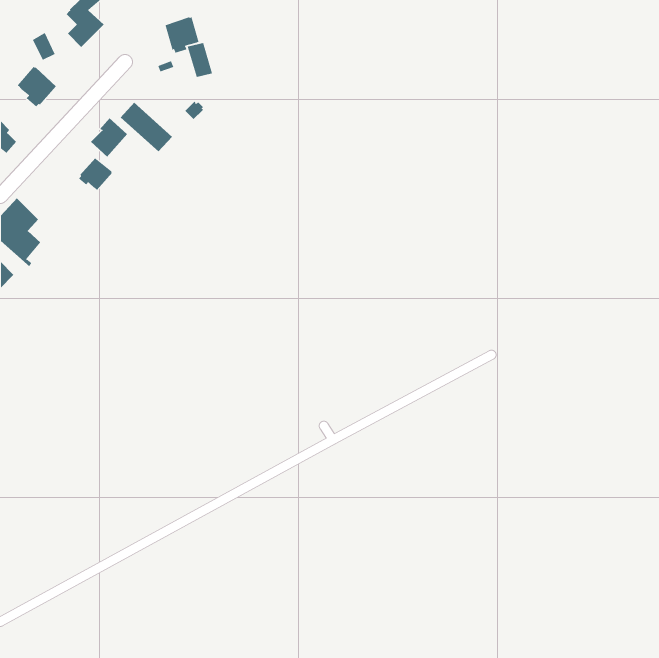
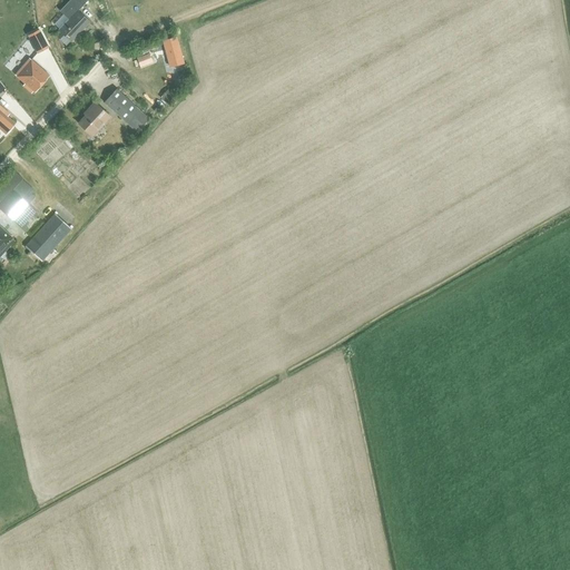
building: [165,17,199,53] -> none
building: [78,157,113,191] -> none
building: none -> [26,213,71,261]

